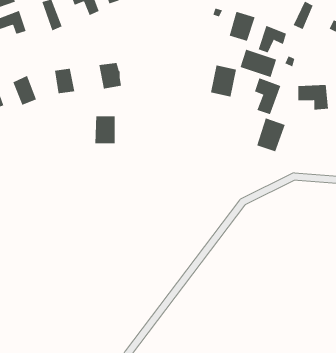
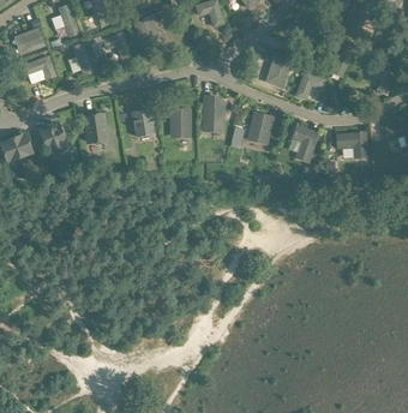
building: none -> [202,94,224,131]
building: [240,49,277,78] -> none
building: [94,116,115,144] -> [169,108,191,137]
building: [256,117,286,152] -> none

